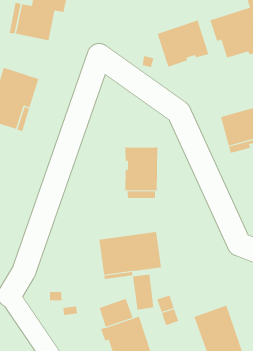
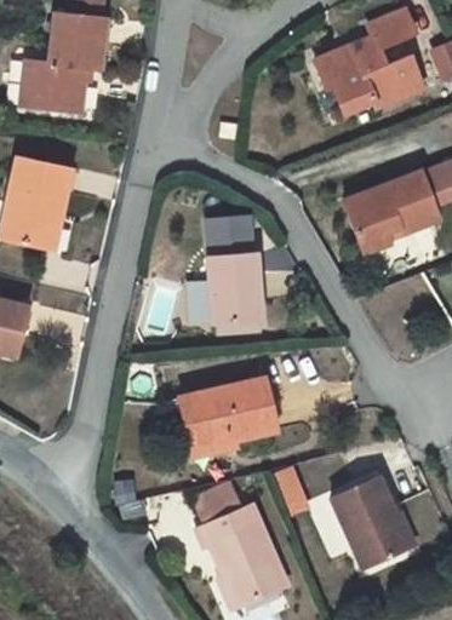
building: [157,19,209,67] -> none
building: none -> [207,218,250,258]
building: [133,274,154,310] -> none

